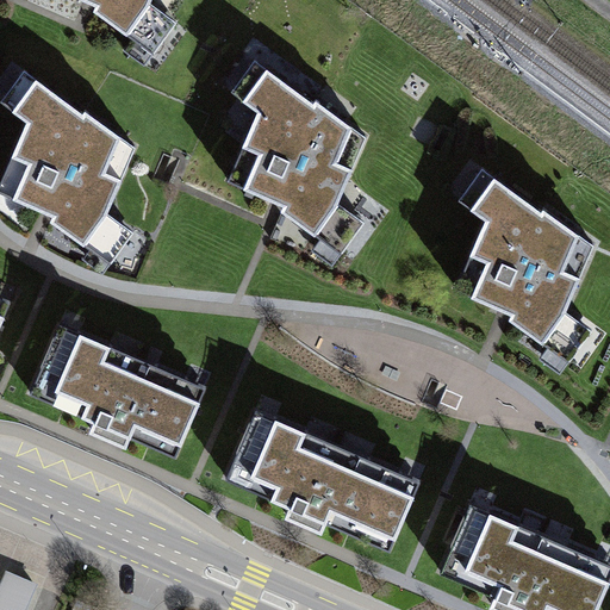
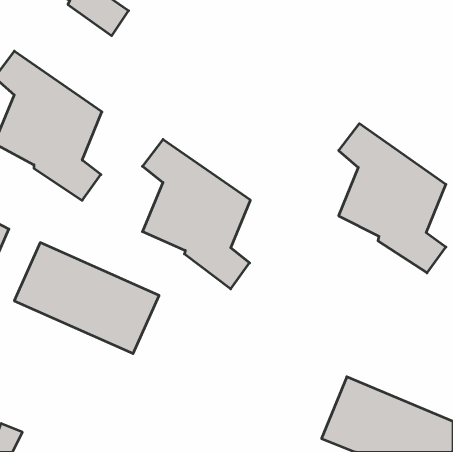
building: [223,54,367,253] -> [142,139,250,289]
building: [218,411,425,565] -> none

